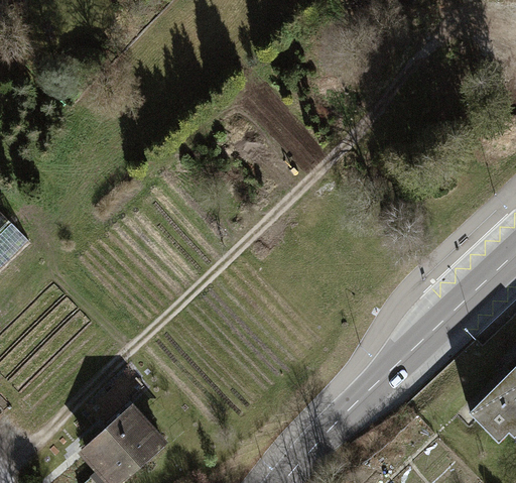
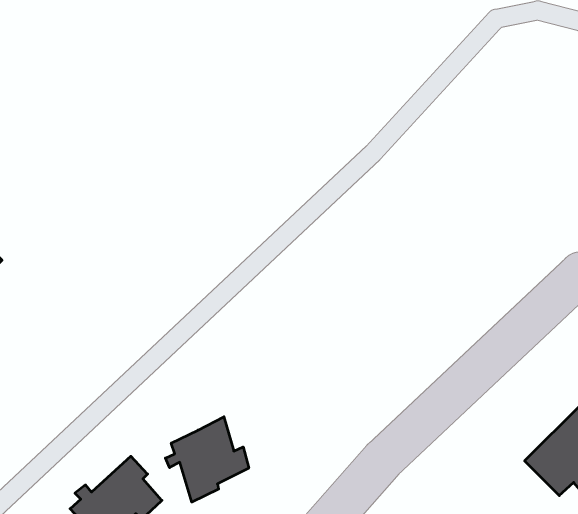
building: none -> [165,417,249,502]

